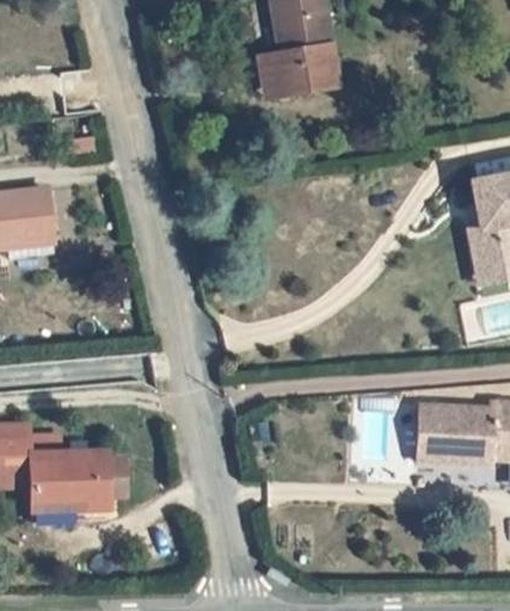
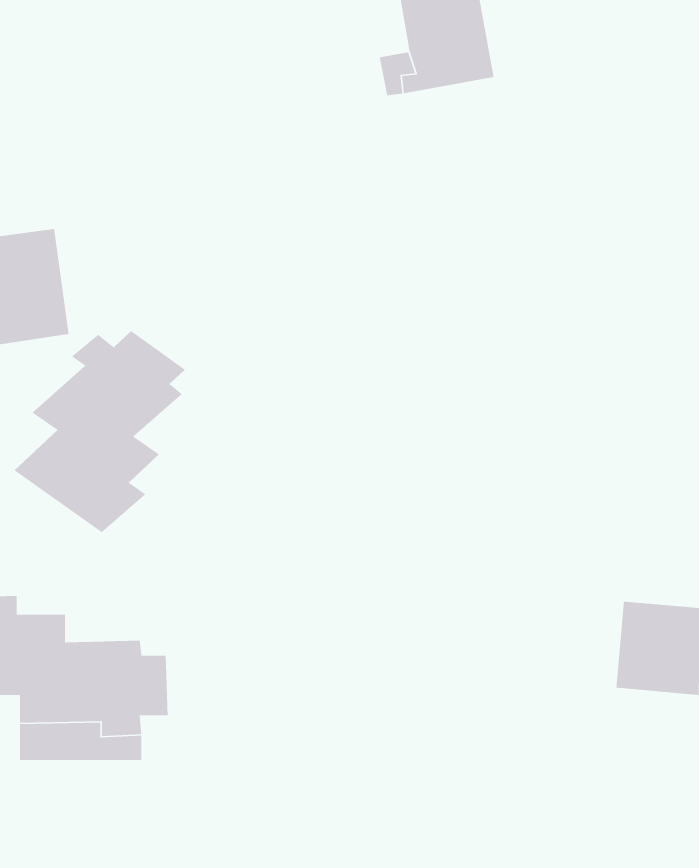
building: none -> [14,330,186,533]

